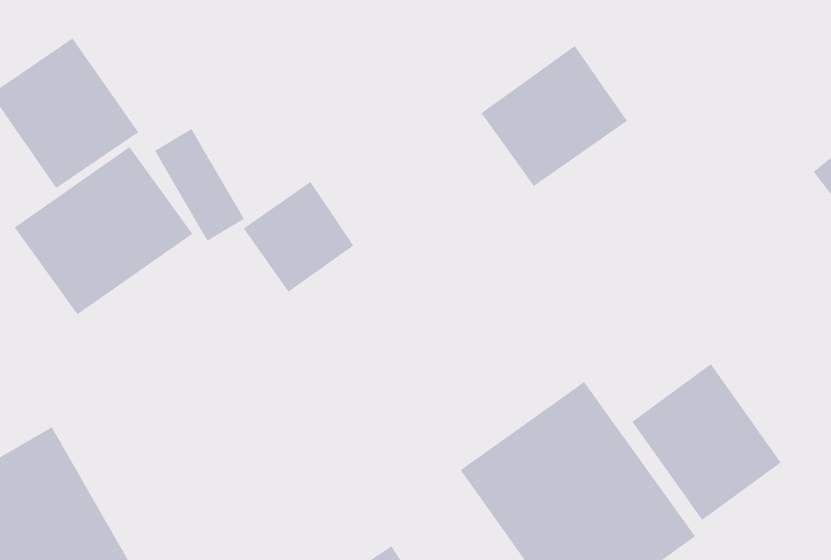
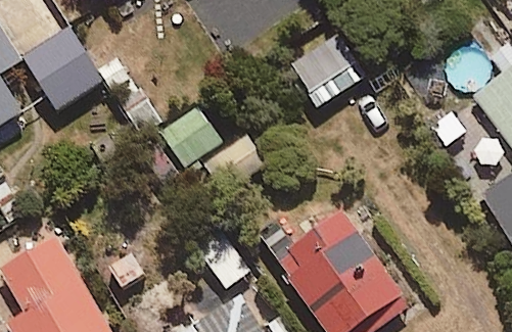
building: [14,146,193,315] -> none
building: [631,363,782,521] -> none

